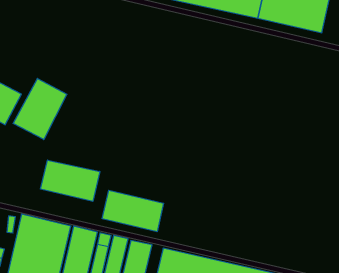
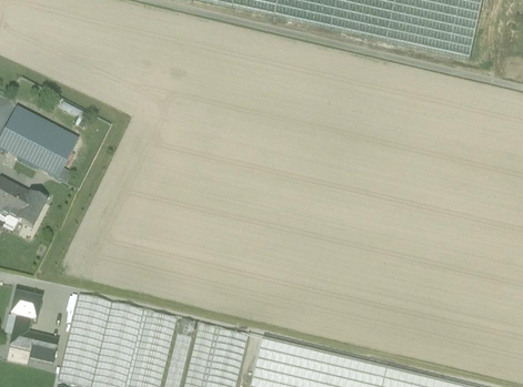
building: [13,78,67,140] -> none
building: [41,160,100,201] -> none
building: [102,190,164,232] -> none

